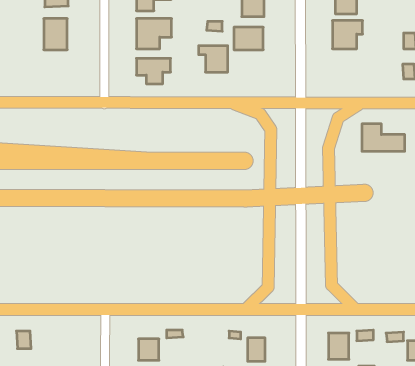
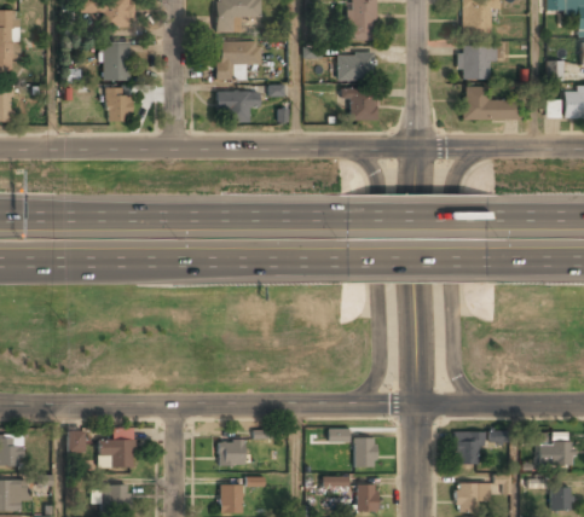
building: [199,46,228,72] -> [341,88,377,121]
building: none -> [106,88,132,122]
building: [362,124,405,151] -> [463,87,516,121]
building: none -> [98,430,135,467]

